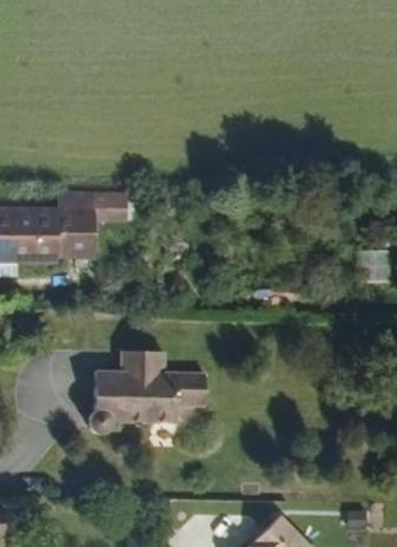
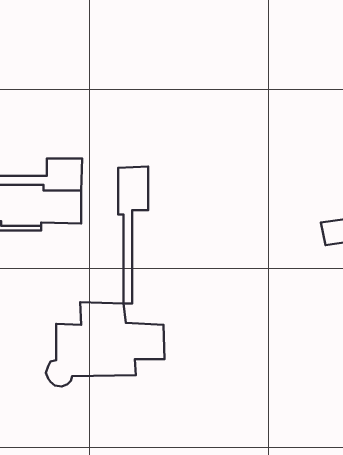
building: none -> [118,166,148,303]

